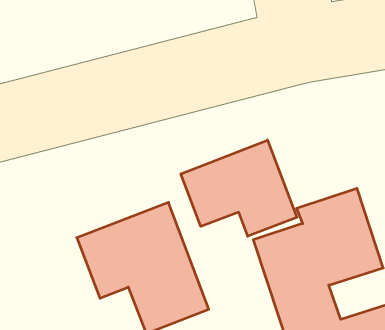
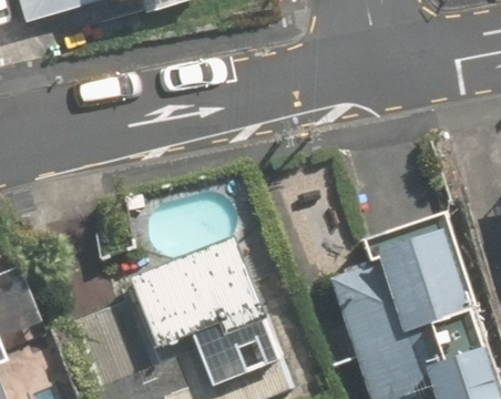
building: [181,140,297,236] -> none

